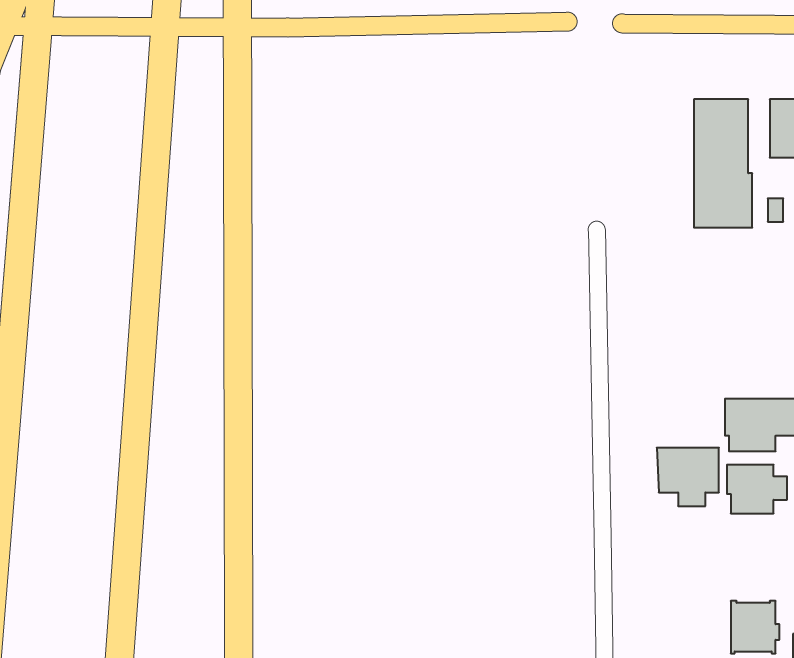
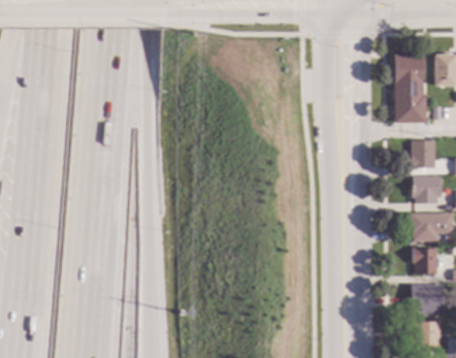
building: none -> [412,140,435,169]
building: none -> [412,176,443,203]
building: [657,448,719,506] -> [411,284,444,315]

